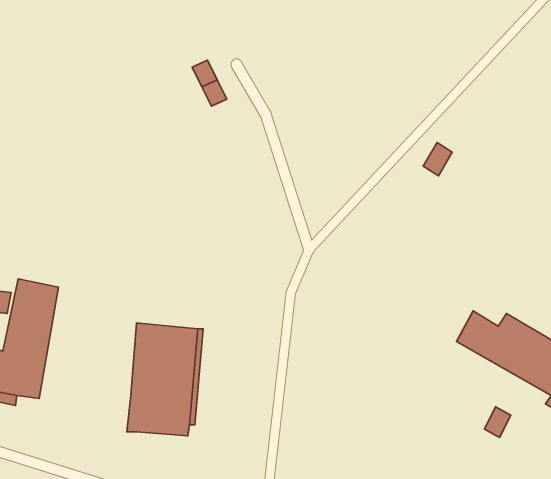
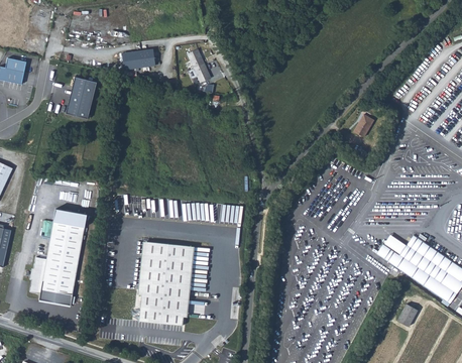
building: none -> [121,47,154,69]
building: none -> [70,82,101,124]

